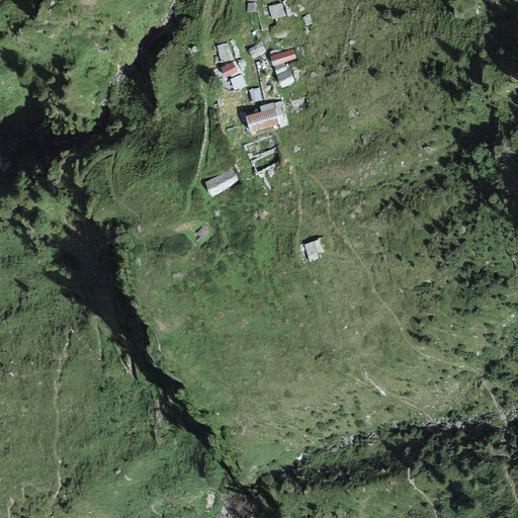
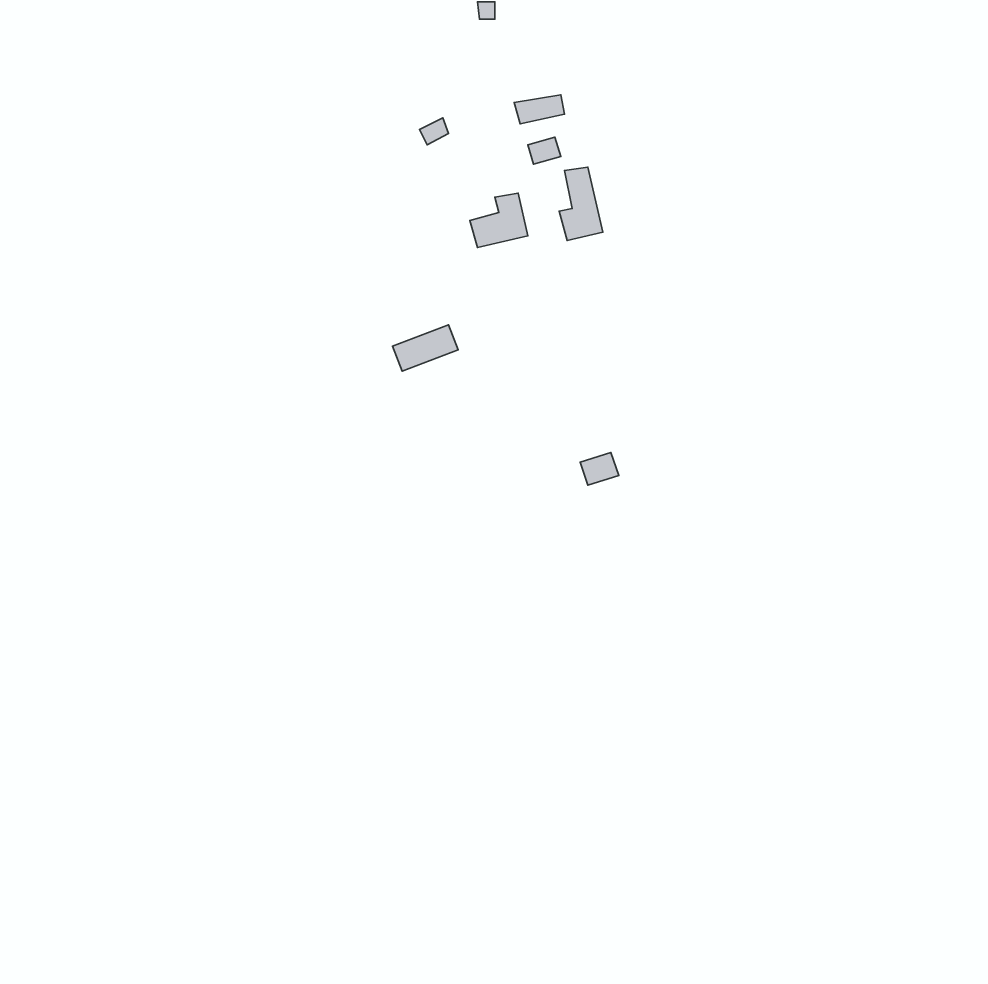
building: none -> [559,167,603,240]

